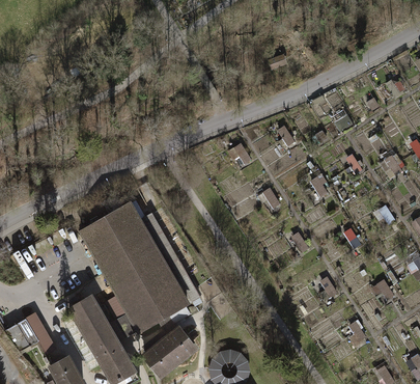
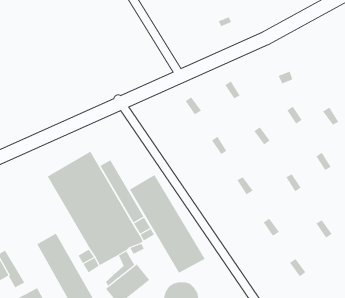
building: none -> [129,174,205,273]

